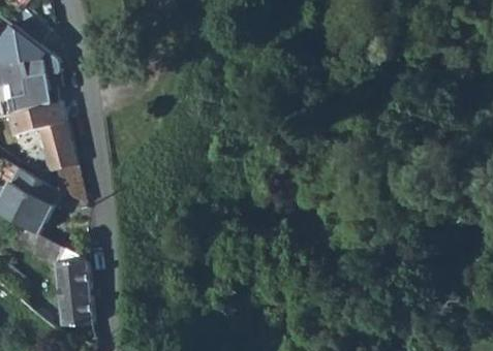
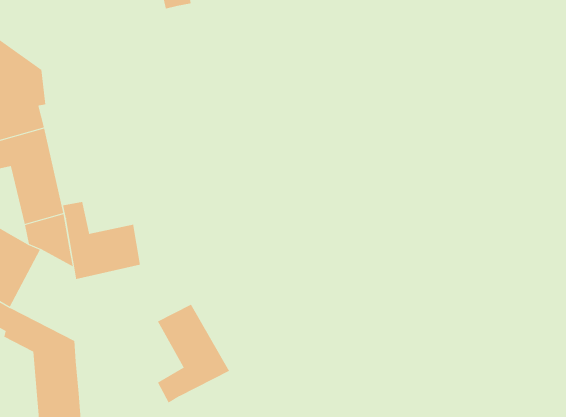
building: none -> [62,201,141,280]
building: none -> [157,304,230,403]

